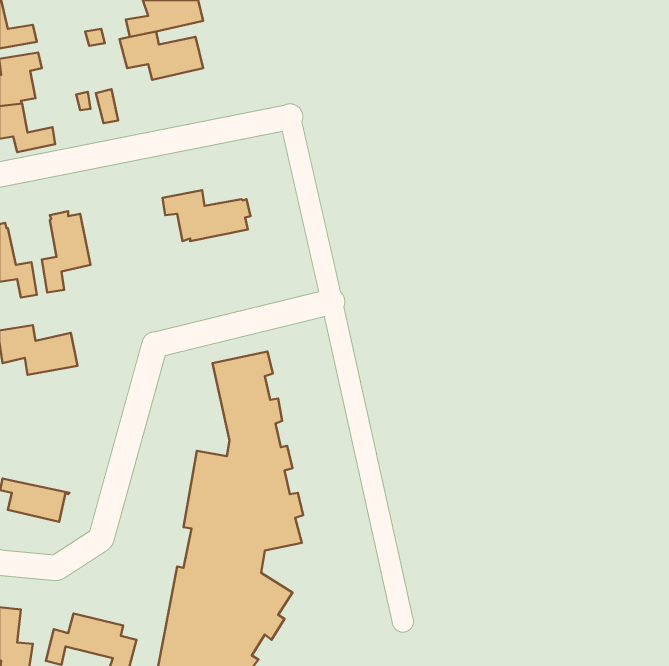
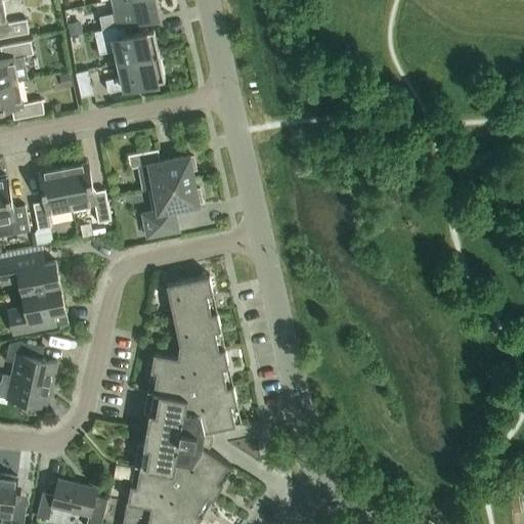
building: none -> [104,56,165,94]
building: none -> [62,162,111,225]
building: none -> [138,182,202,242]
building: none -> [7,289,66,337]
building: none -> [5,345,56,388]

